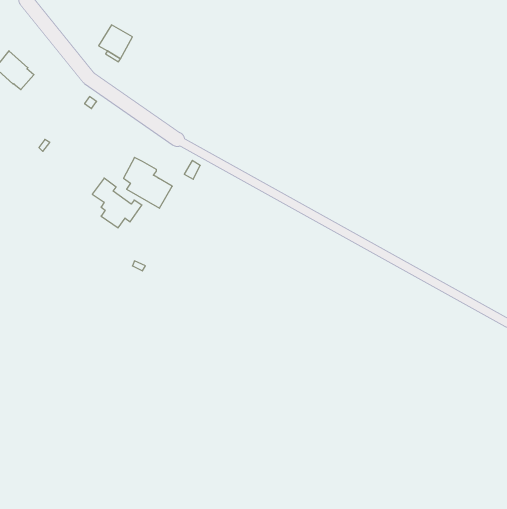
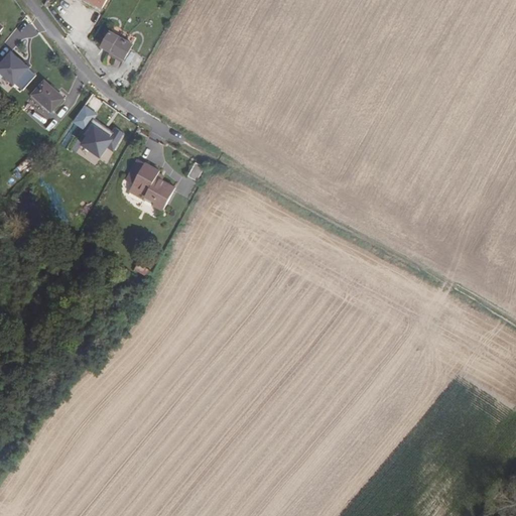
building: none -> [30,81,62,112]
building: [92,178,142,228] -> [72,106,122,156]

